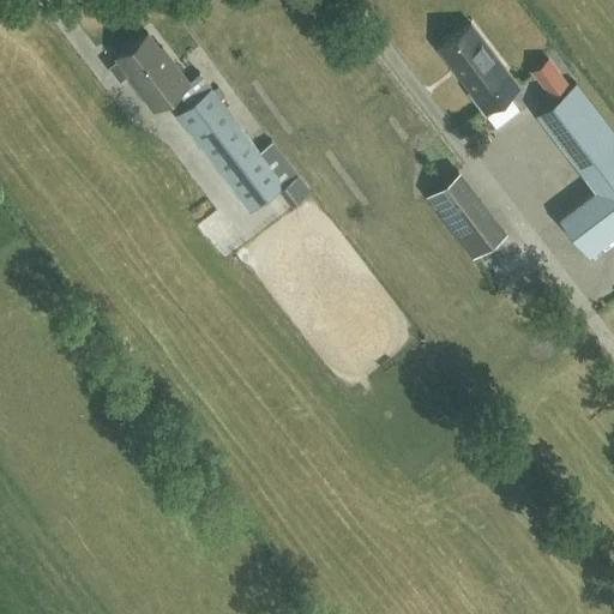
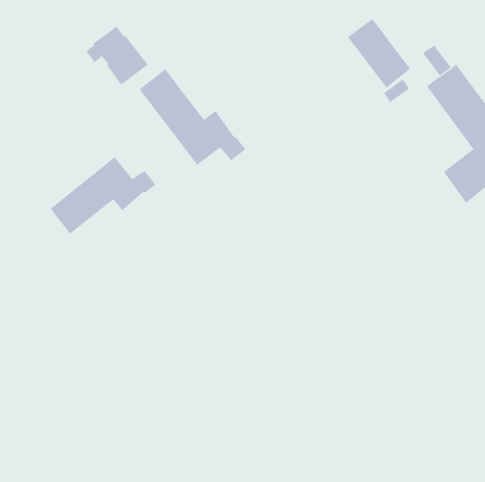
building: [427,173,508,261] -> none
building: none -> [50,157,156,234]

